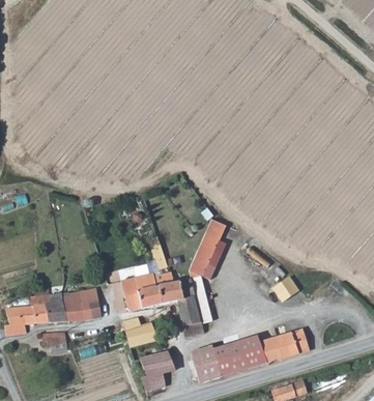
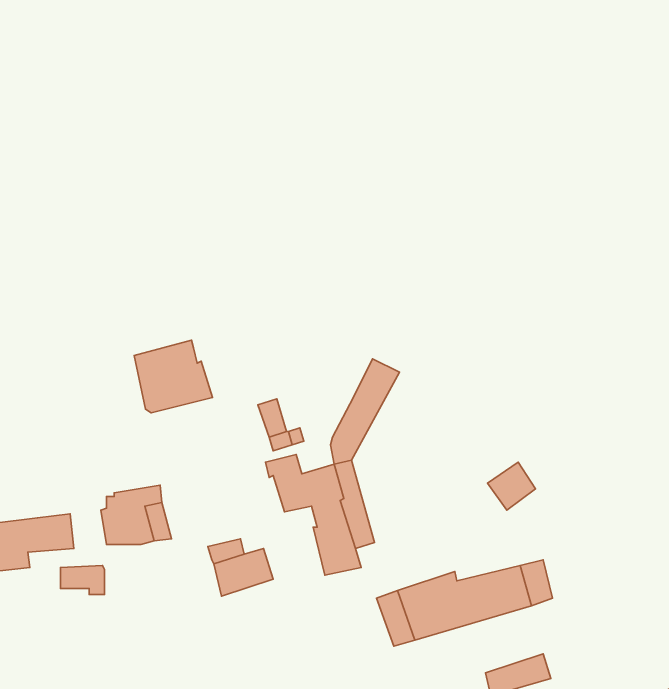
building: [121,273,164,312] -> [134,340,213,413]
building: [30,288,67,323] -> none
building: [191,347,223,383] -> none
building: [140,351,174,392] -> none

